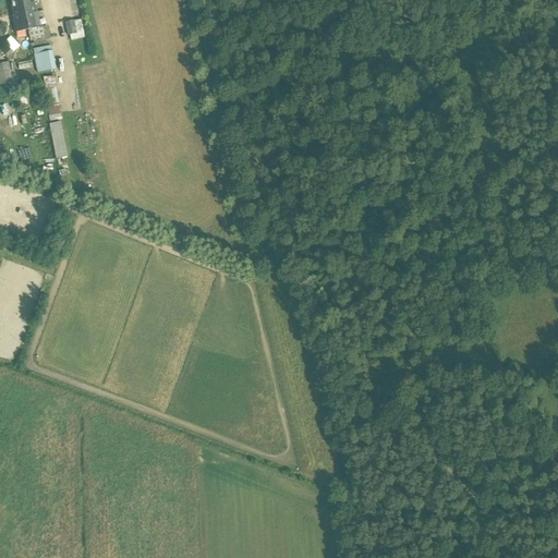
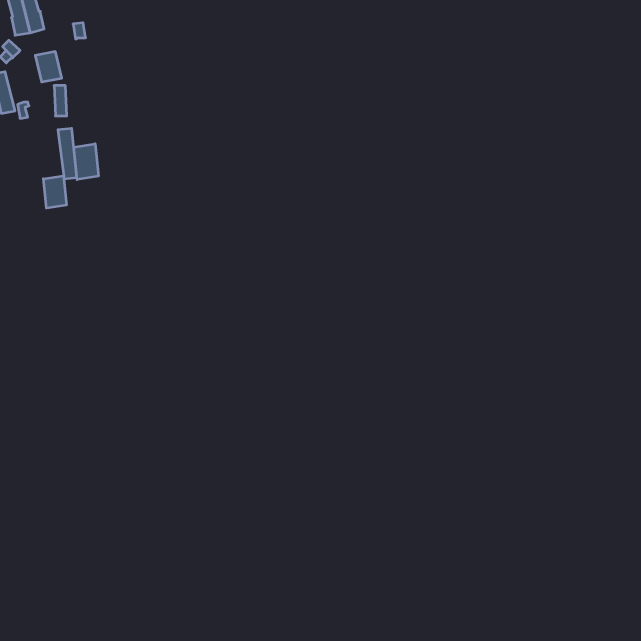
building: none -> [74,144,98,180]
building: none -> [43,176,66,208]

